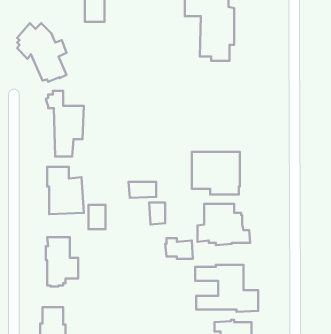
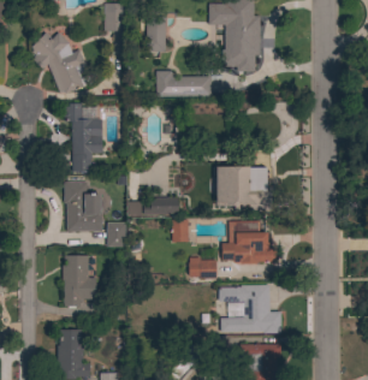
building: none -> [146,16,166,51]
building: none -> [155,70,210,96]

